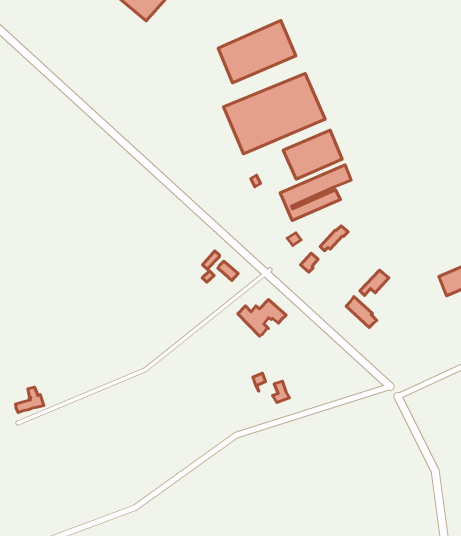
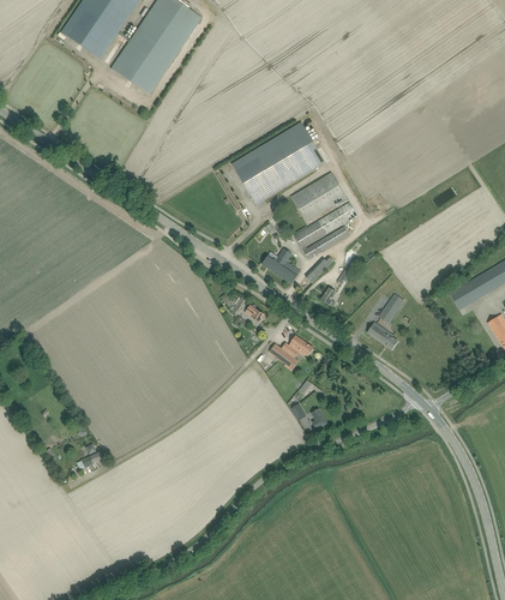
building: [218,21,296,83] -> none
building: none -> [261,247,300,283]

